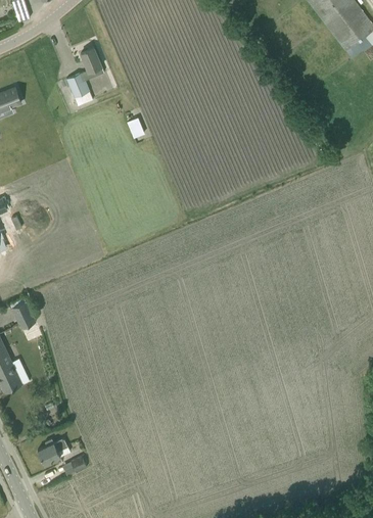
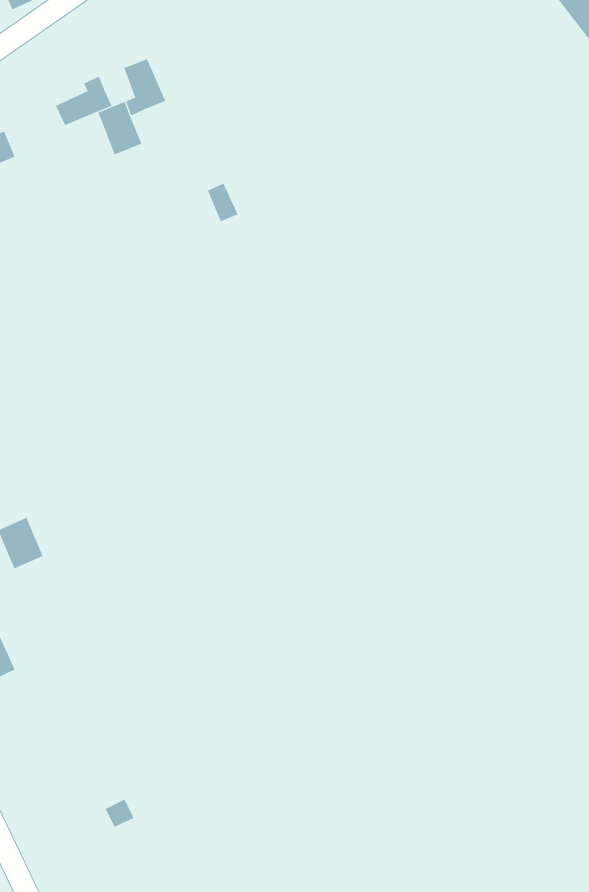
building: none -> [55,76,112,126]
building: [37,436,71,464] -> none

